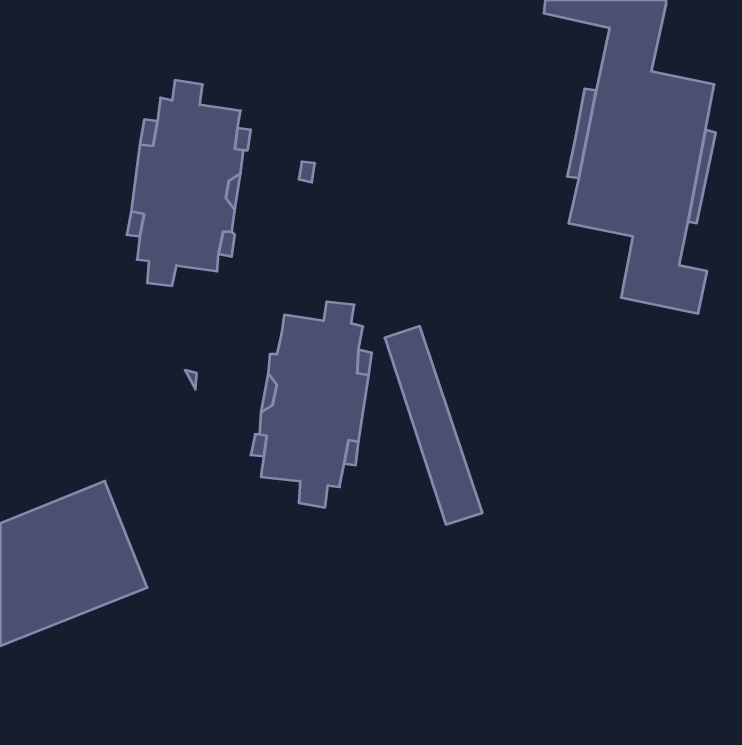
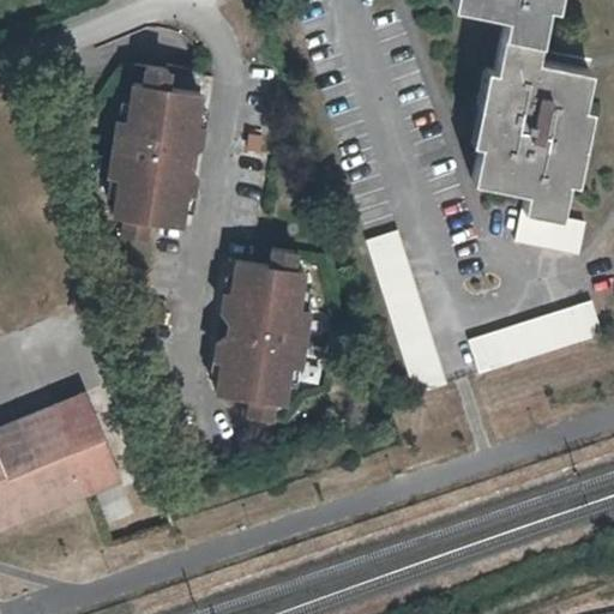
building: [385,326,482,524] -> [371,228,451,391]
building: none -> [471,299,606,372]

